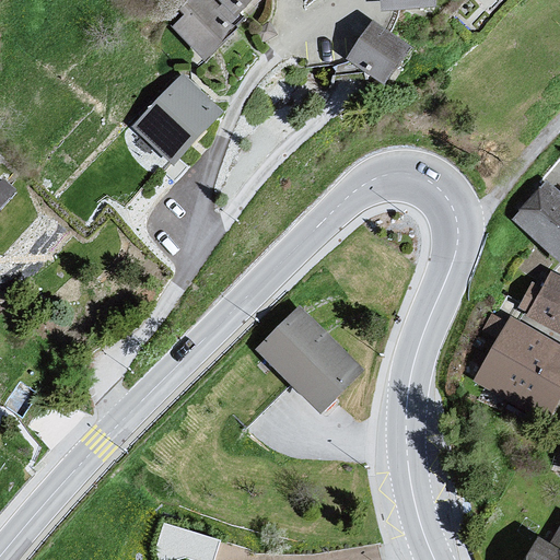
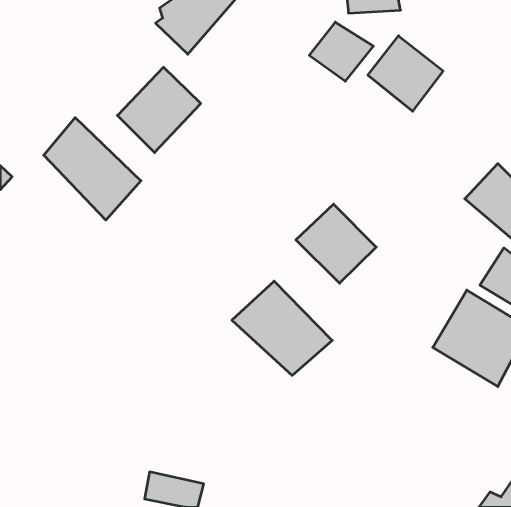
building: none -> [368,36,443,111]
building: none -> [44,118,141,220]
building: none -> [296,204,376,283]

